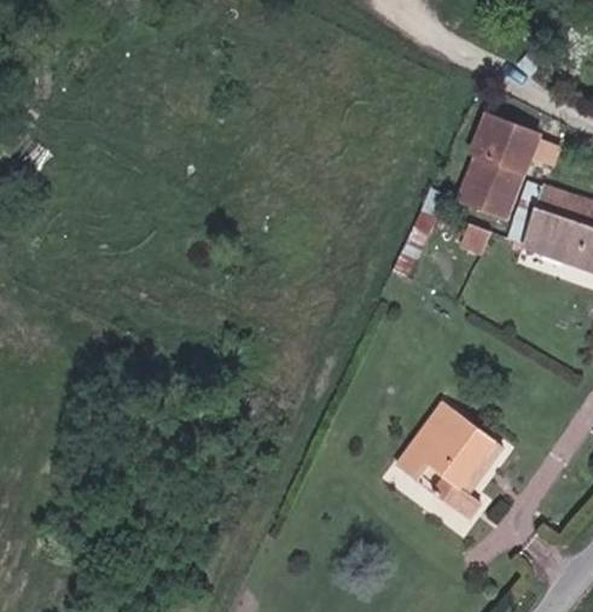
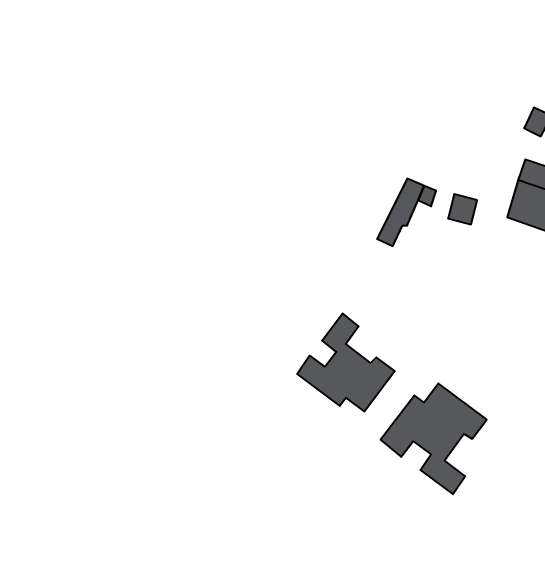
building: [458,116,537,220] -> none
building: none -> [297,313,395,412]

